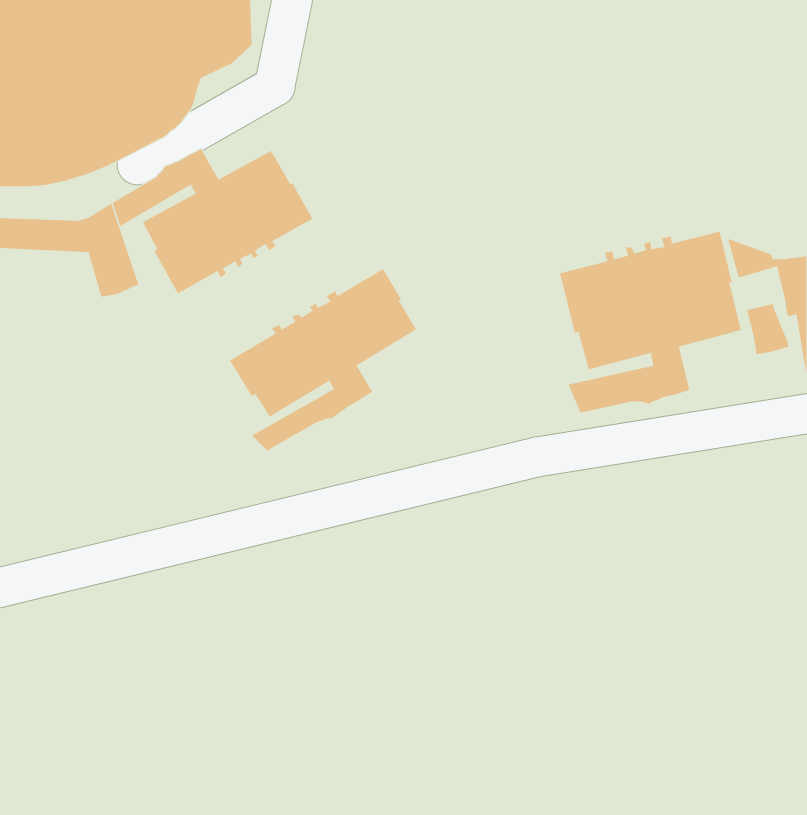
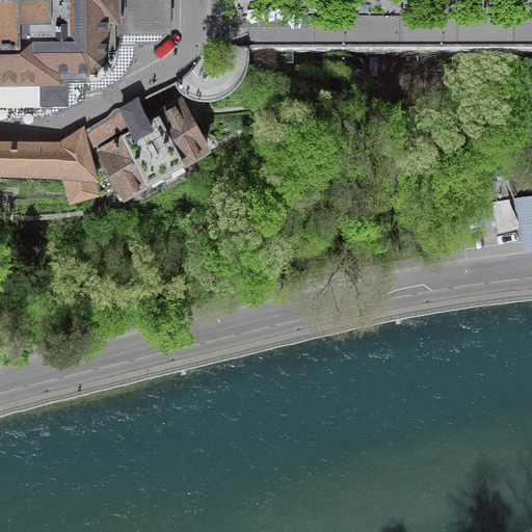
building: [559,231,741,413] -> none
building: [229,268,417,451] -> none

